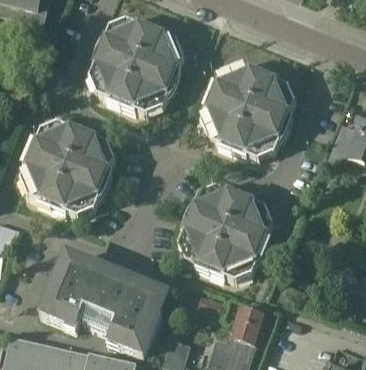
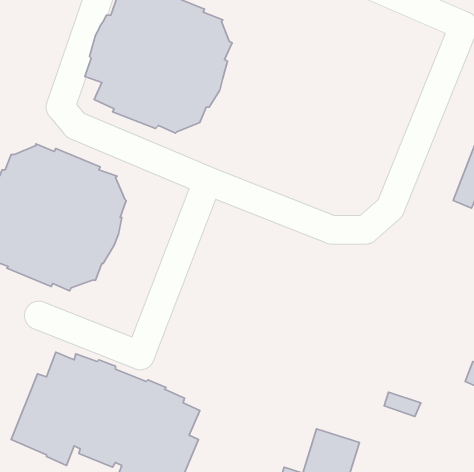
building: [200,62,295,158] -> none
building: [177,184,274,280] -> none

